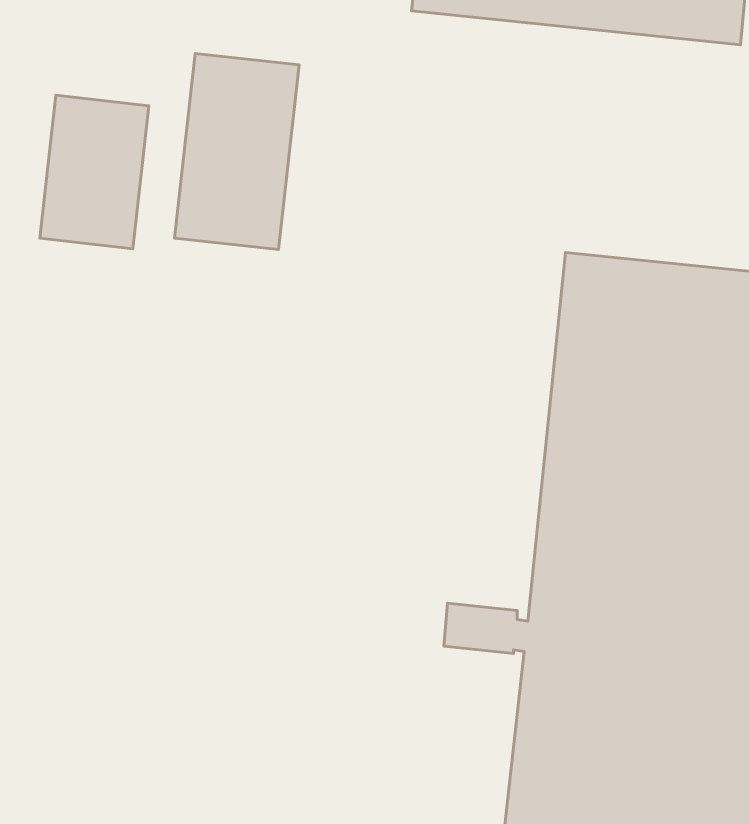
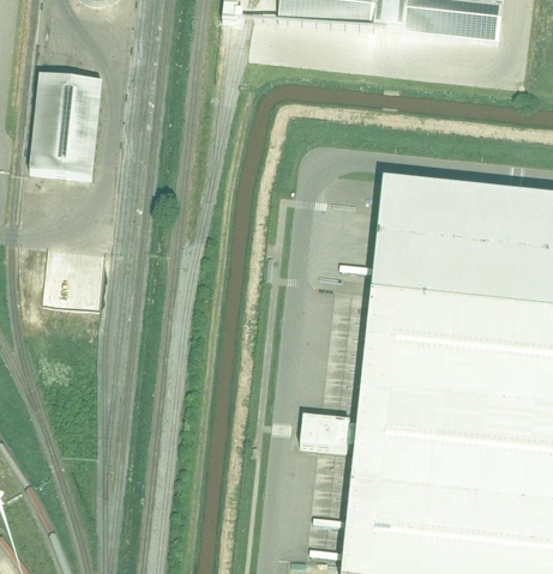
building: [174,53,299,250] -> none

